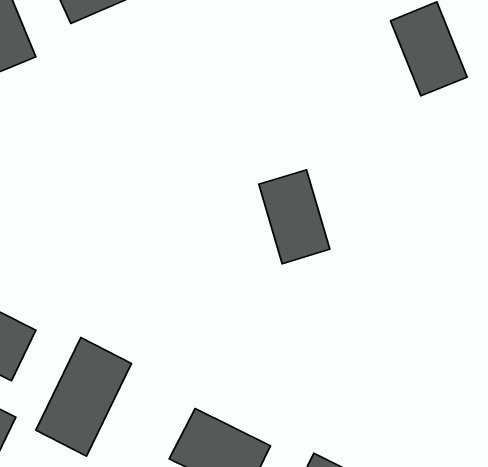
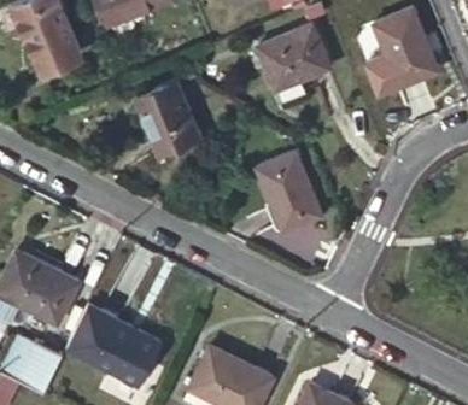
building: none -> [257,24,329,90]
building: none -> [146,77,209,151]

